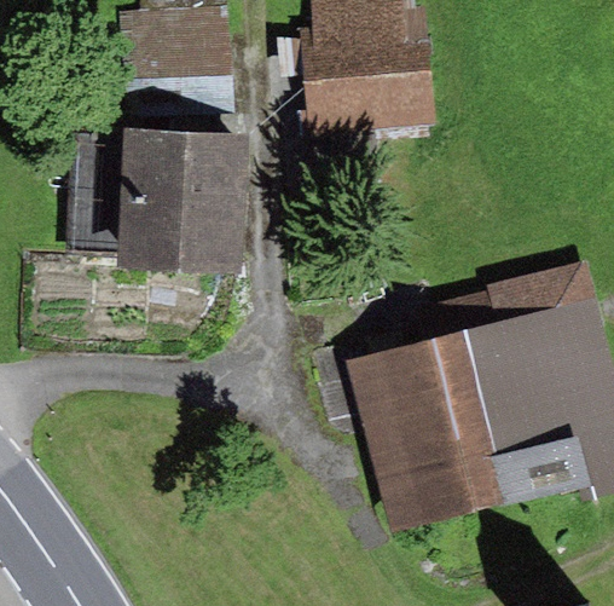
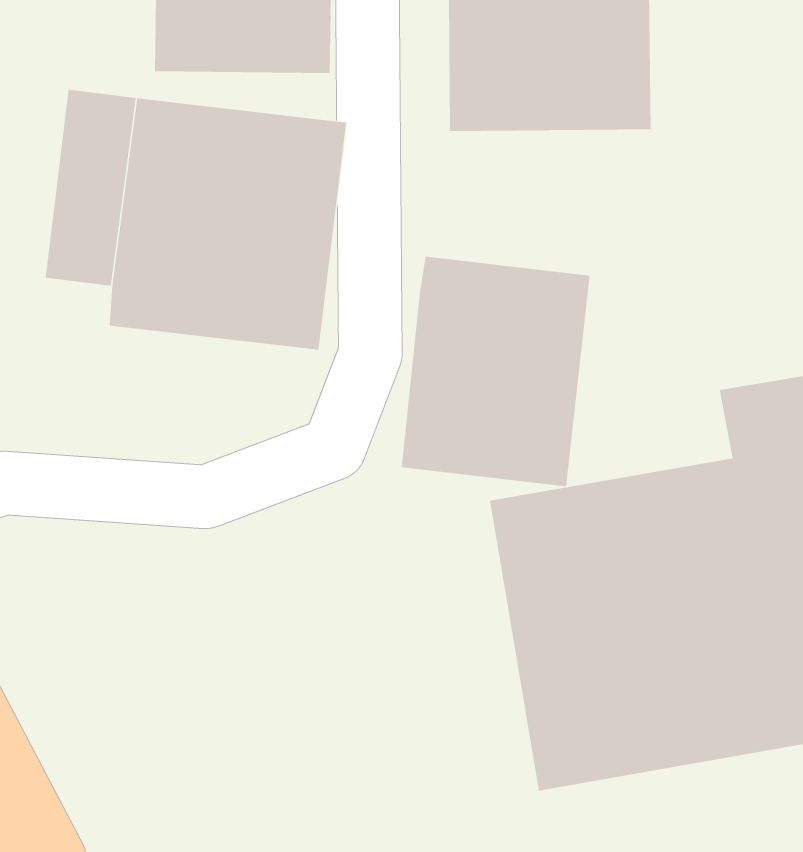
building: none -> [401,256,590,487]

